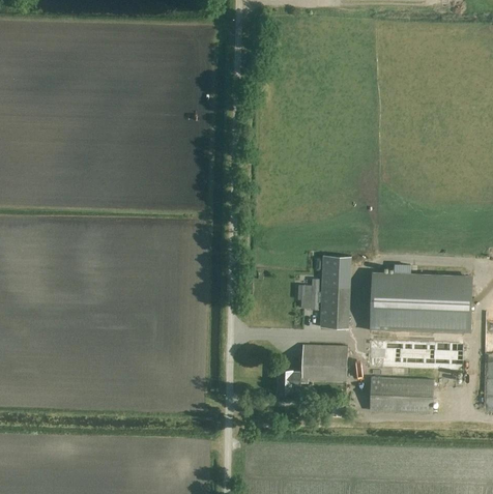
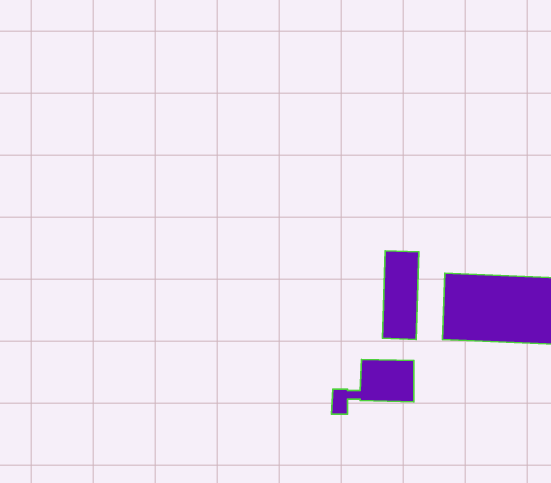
building: [298,277,318,309] -> none
building: [370,376,433,412] -> none

